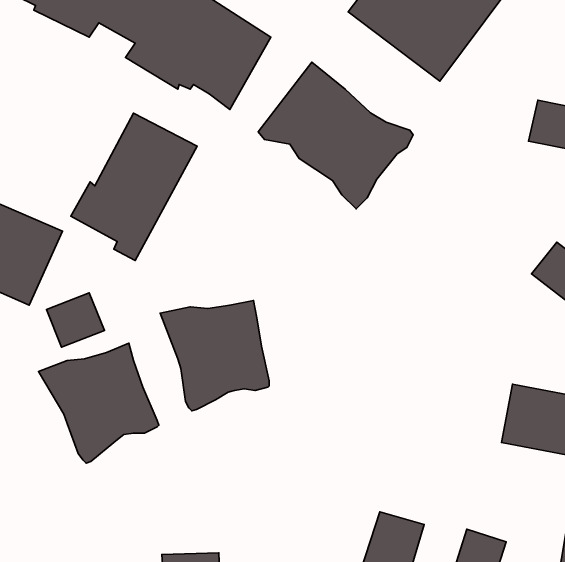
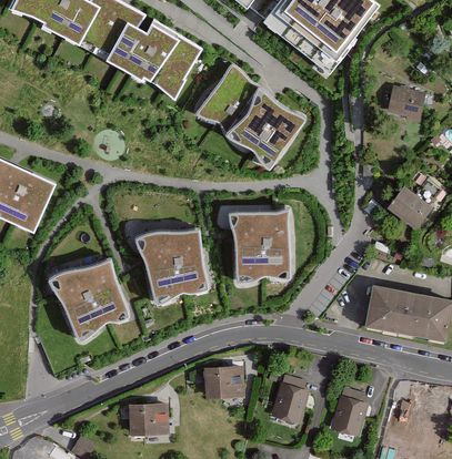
building: [71,113,197,260] -> none
building: none -> [221,207,291,279]
building: [46,293,104,347] -> none
building: none -> [203,368,244,399]

